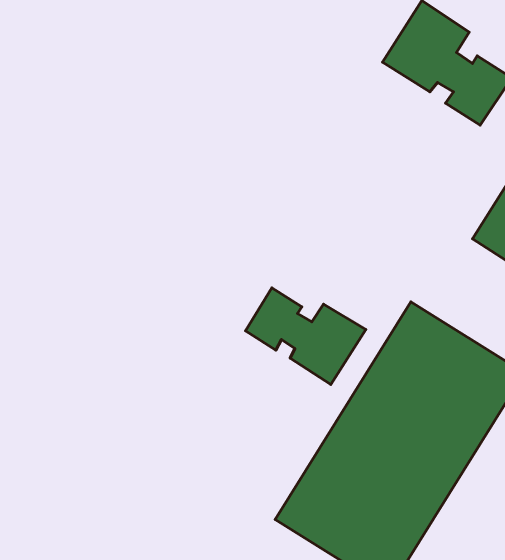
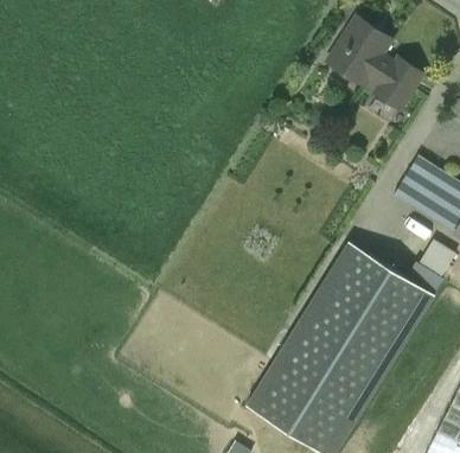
building: [246,288,366,384] -> none

